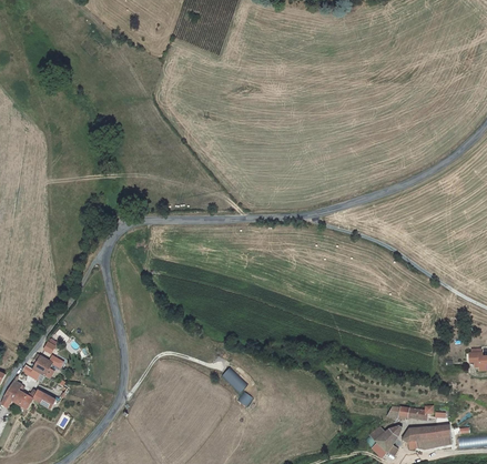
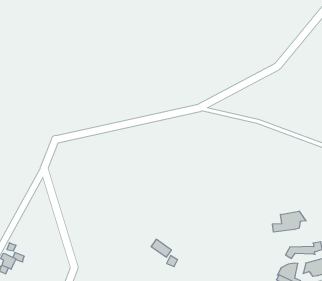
building: none -> [272,211,306,232]

